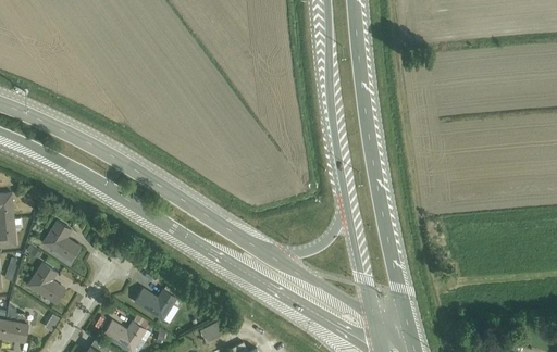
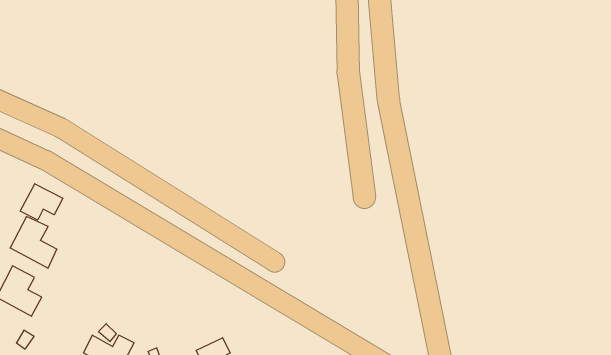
building: none -> [20,184,63,220]
building: [134,288,175,320] -> none

